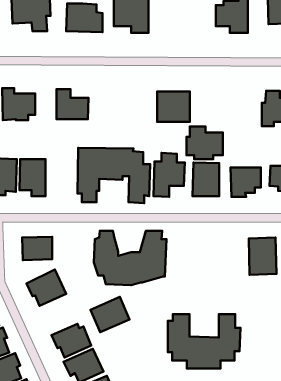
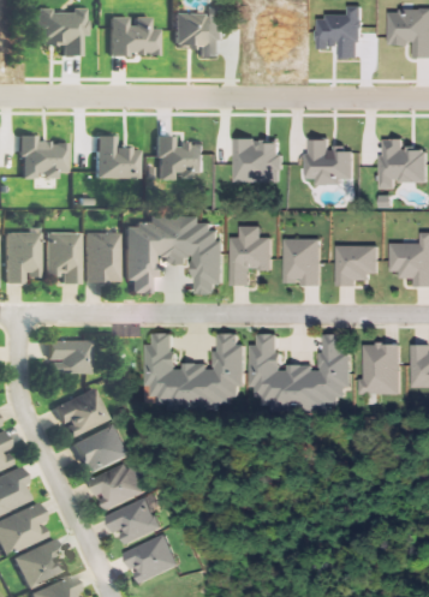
building: none -> [155,136,203,180]
building: [186,127,223,159] -> [305,139,356,185]
building: none -> [83,233,119,282]
building: [91,297,129,332] -> [73,424,127,473]
building: [168,314,240,368] -> [252,334,353,410]

